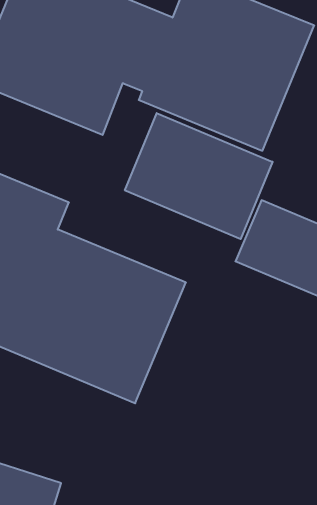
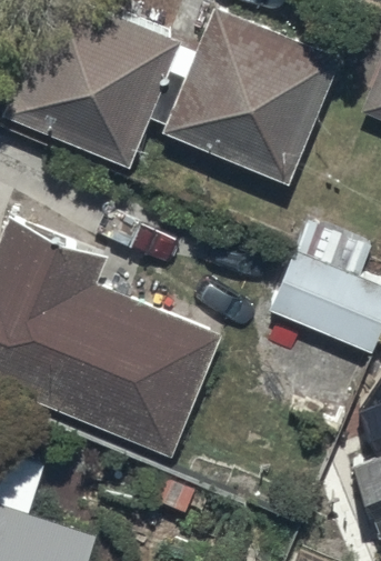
building: [125,113,273,239] -> none

